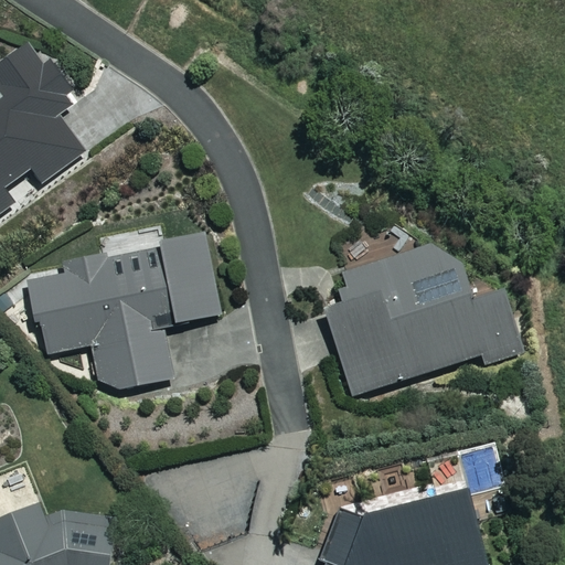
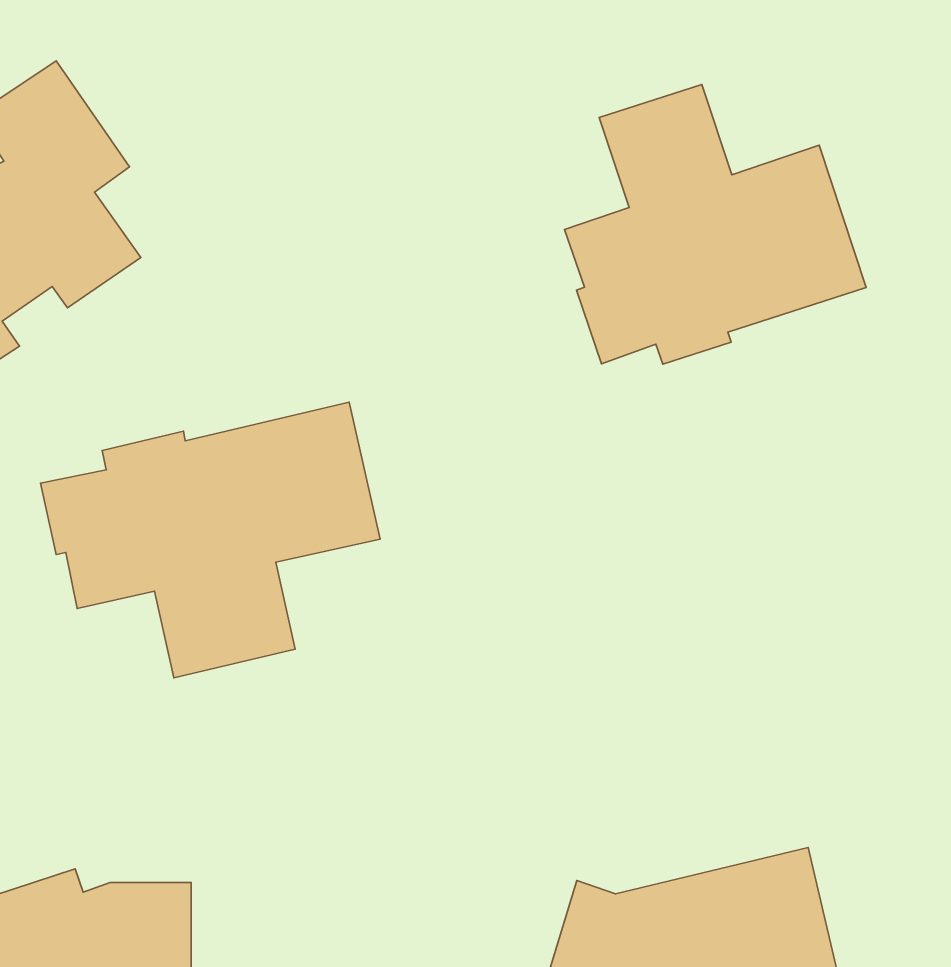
building: none -> [564,85,866,364]
building: [324,238,521,396] -> none

